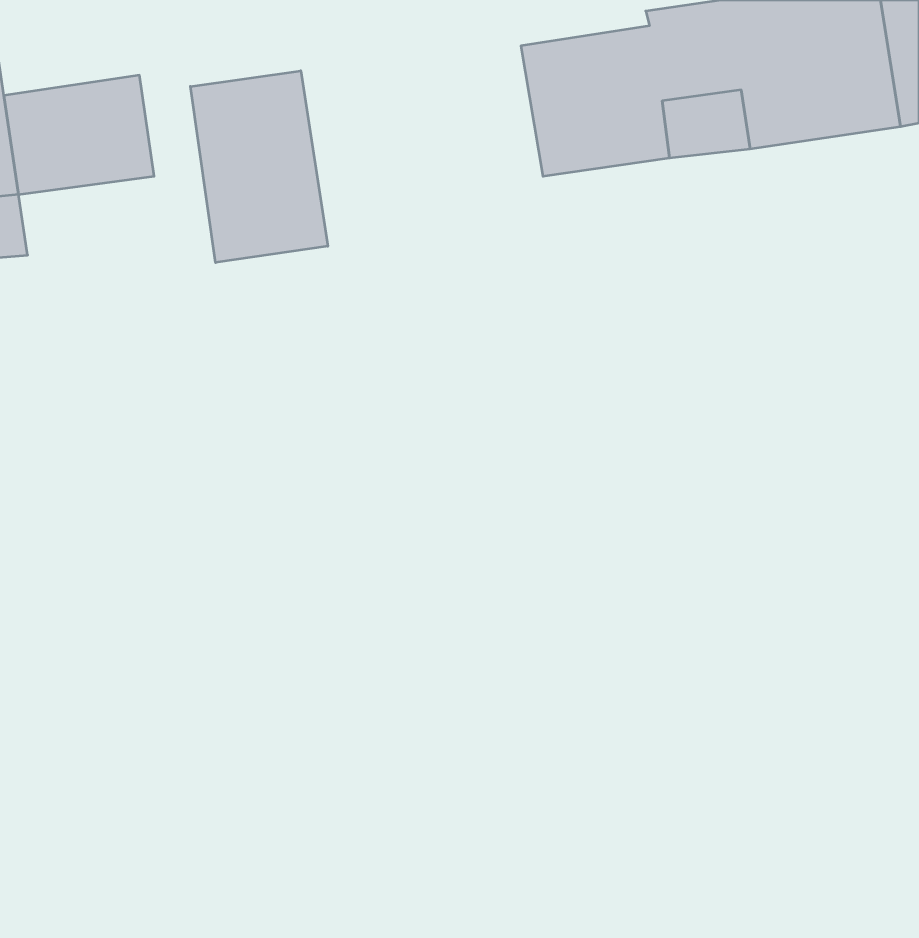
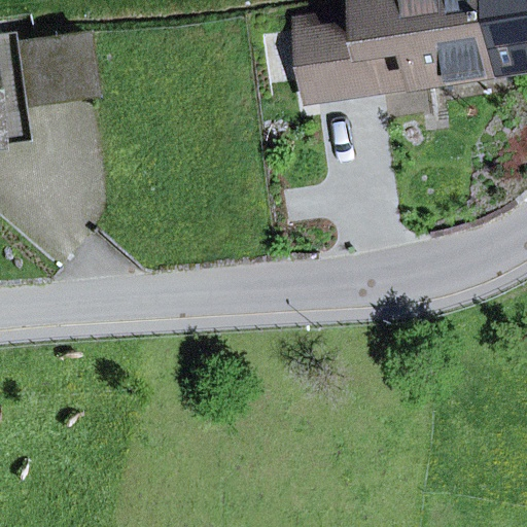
building: [190,71,328,263] -> none

